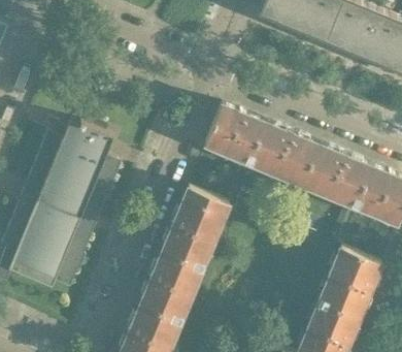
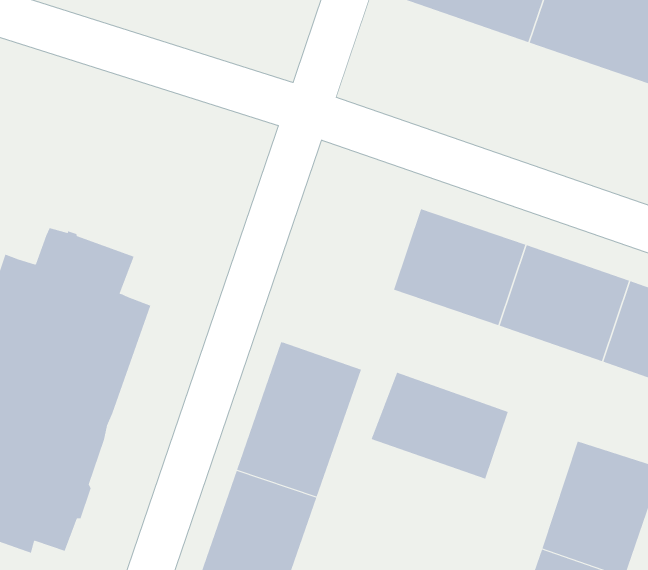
building: [205,105,264,164] -> none
building: none -> [371,372,509,479]

